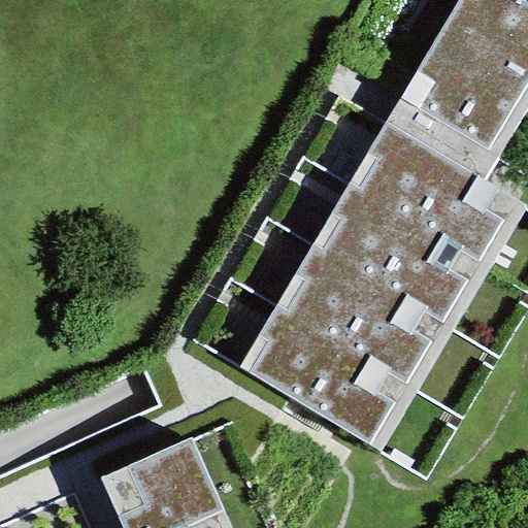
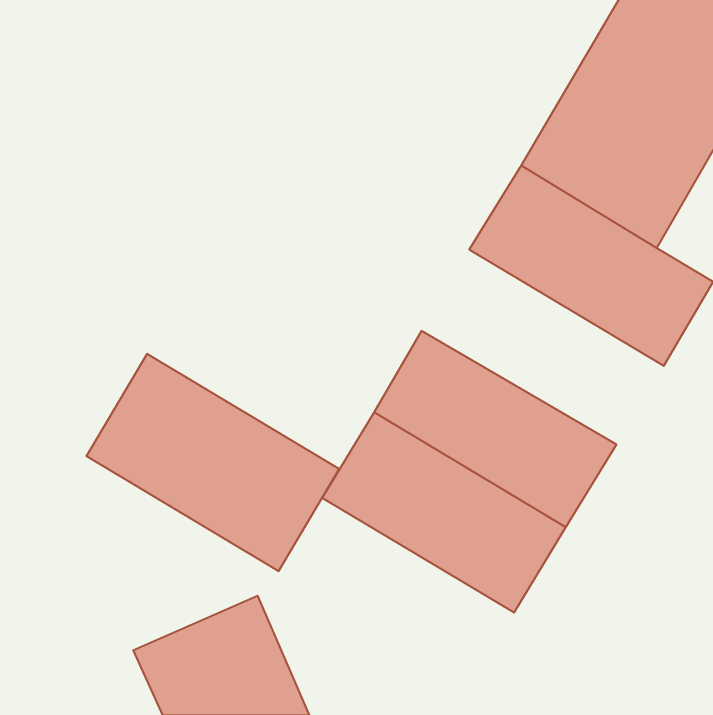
building: [312,184,491,327] -> none
building: none -> [87,354,339,571]

